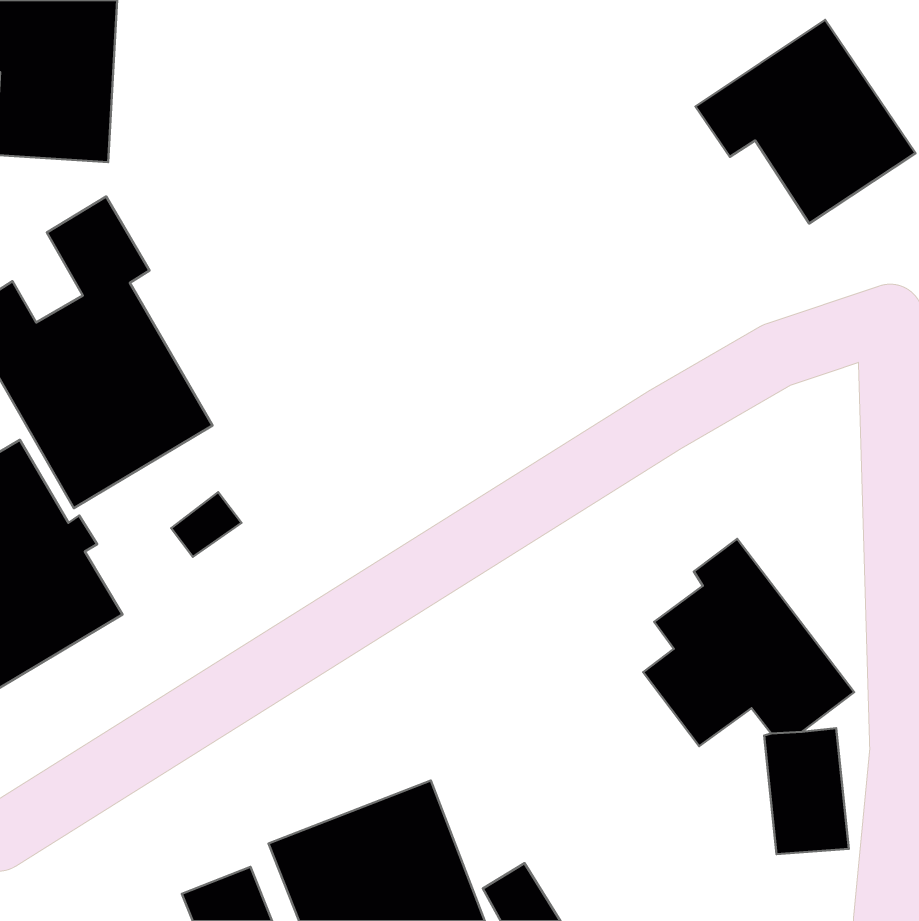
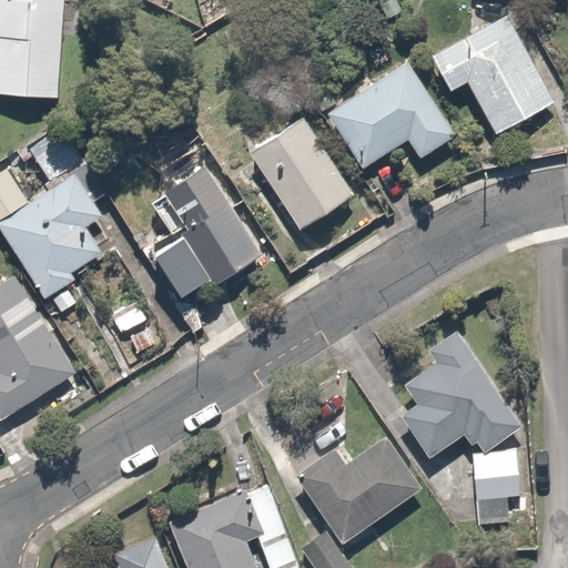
building: none -> [324,57,458,171]
building: none -> [246,116,354,231]
building: none -> [149,165,266,303]
building: none -> [293,440,420,545]

